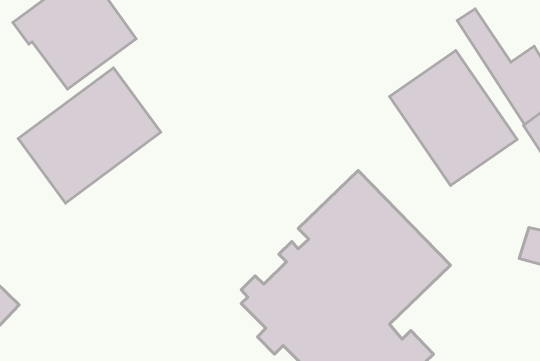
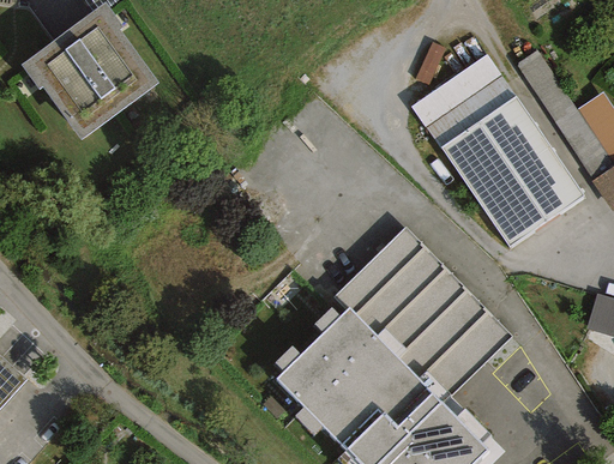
building: none -> [411,54,516,147]
building: [18,68,161,203] -> none

